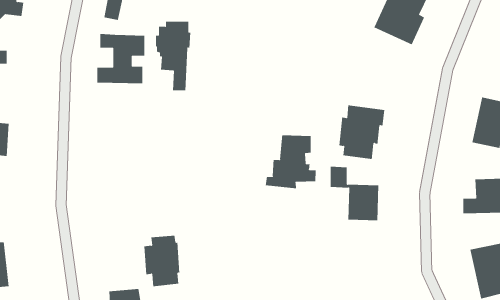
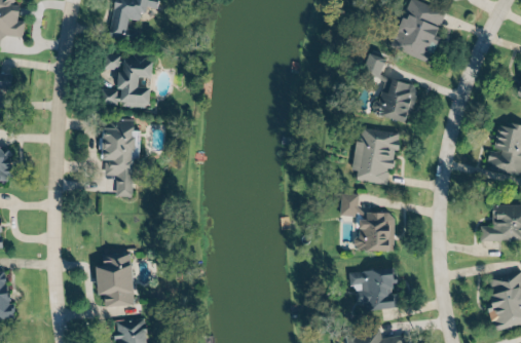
building: [155,21,191,91] -> [100,124,137,196]
building: none -> [365,54,417,124]
building: [265,135,316,189] -> none
building: [143,235,180,287] -> [98,255,136,308]
building: none -> [350,267,403,311]

